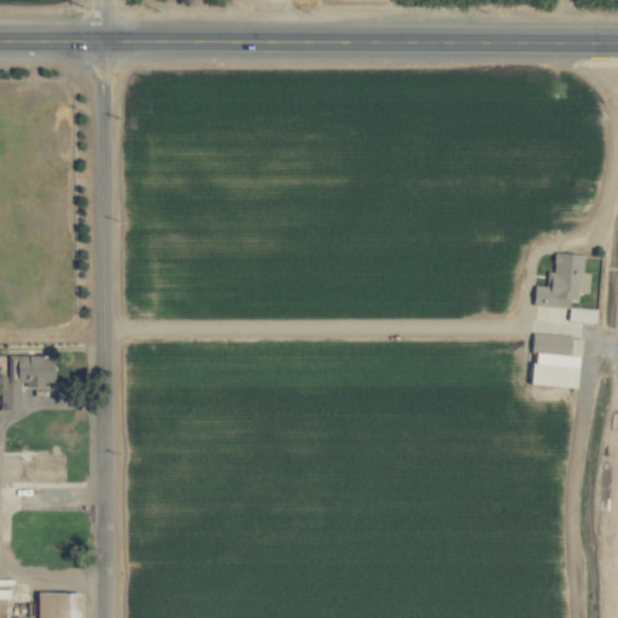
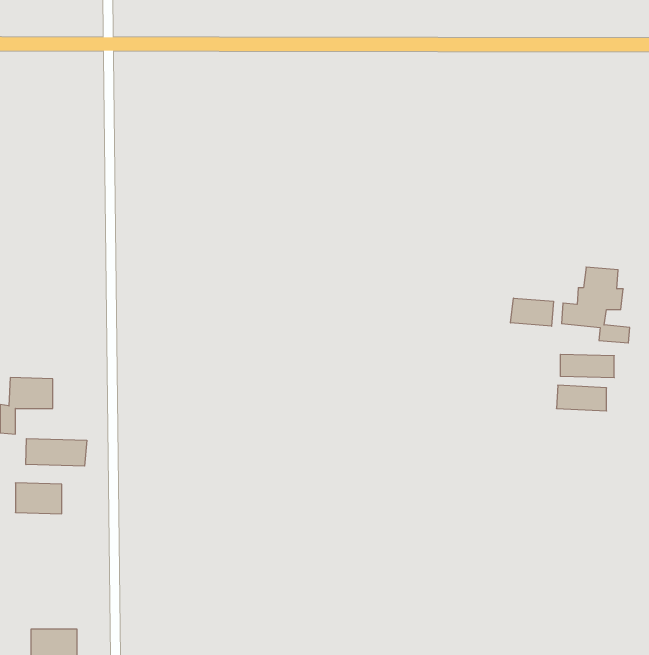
building: none -> [511,298,553,326]
building: none -> [26,439,87,466]

